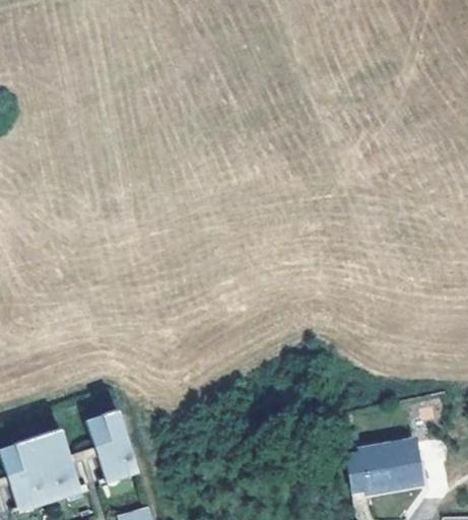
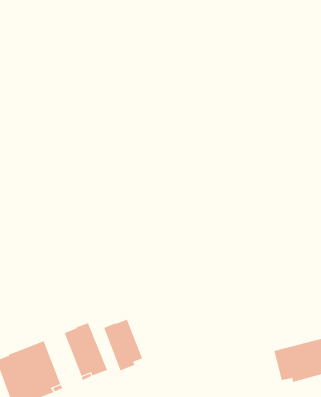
building: none -> [103,319,143,371]

